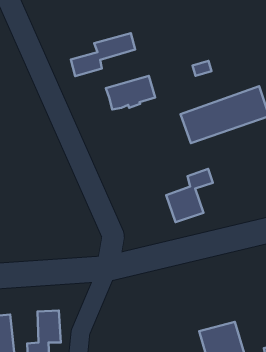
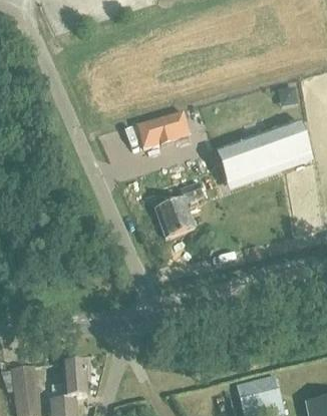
building: [71,33,135,76] -> none
building: [166,169,213,222] -> [155,181,206,239]

